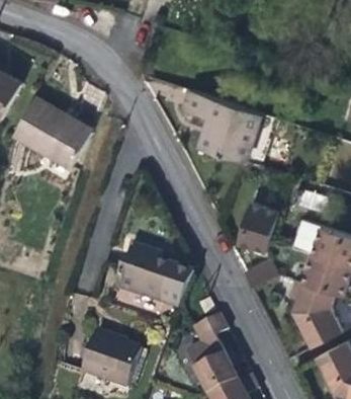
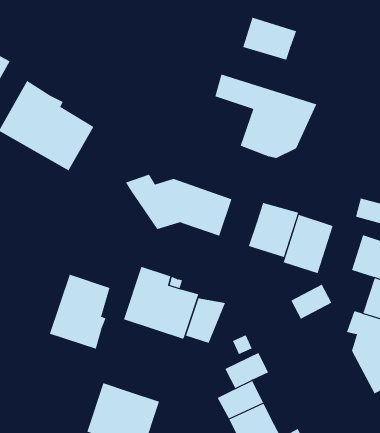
building: none -> [242,17,297,61]
building: none -> [125,174,232,237]
building: none -> [248,202,299,258]
building: none -> [49,274,110,350]

